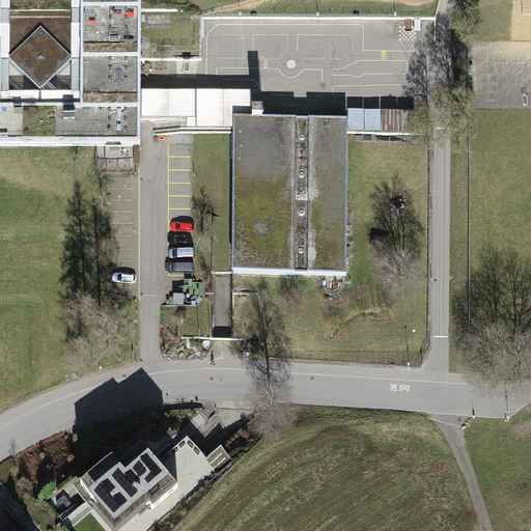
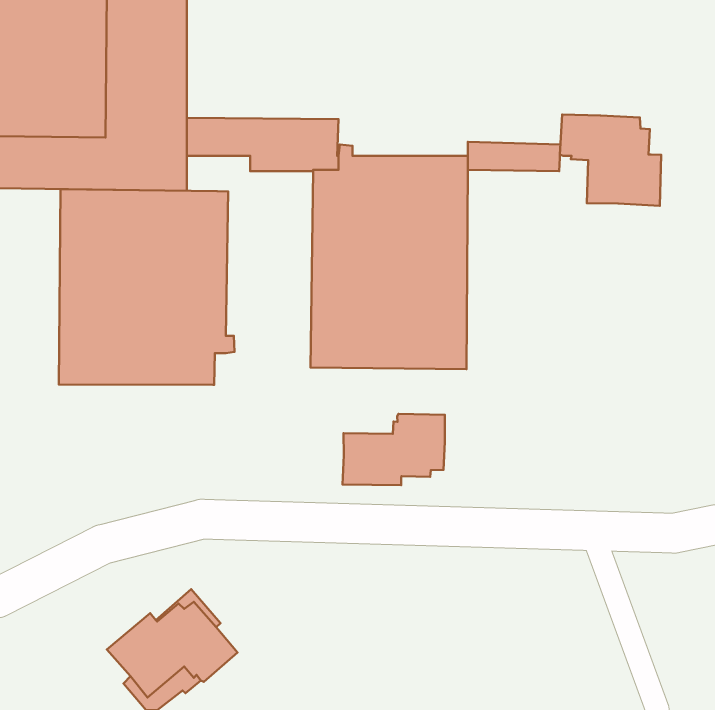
building: none -> [560,114,661,206]
building: none -> [59,189,235,385]
building: none -> [342,414,445,485]

